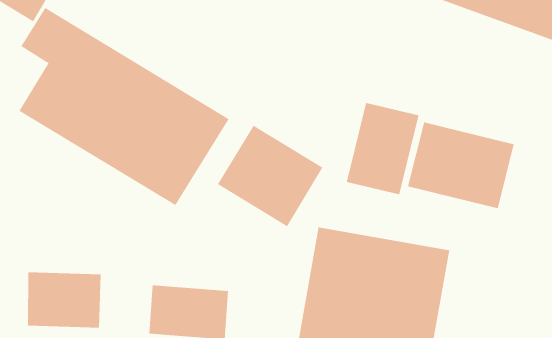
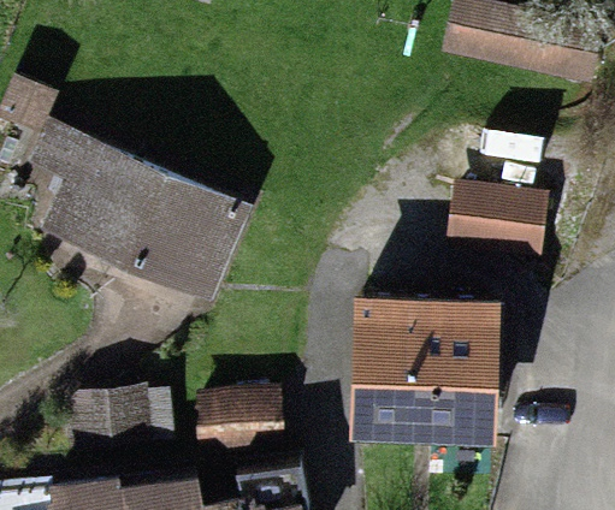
building: [346,102,419,195] -> none
building: [217,125,323,227] -> none

